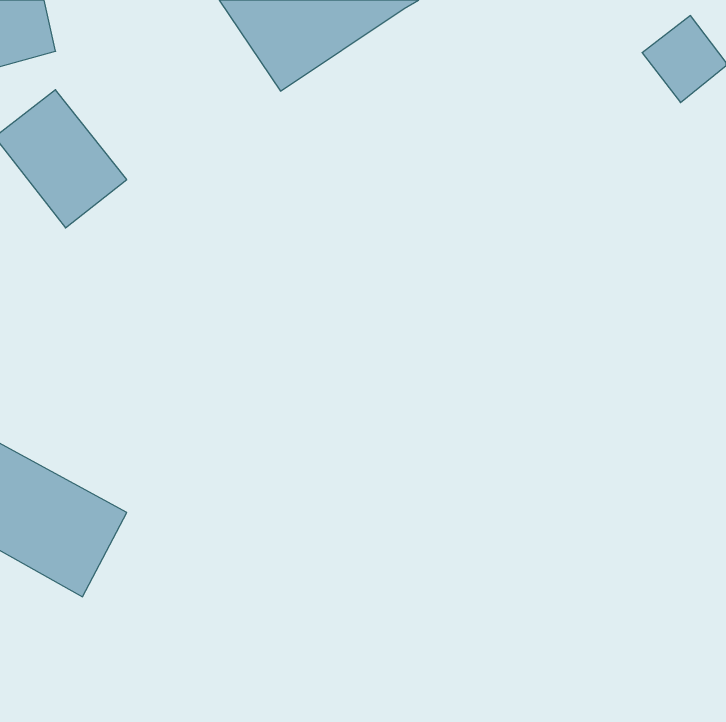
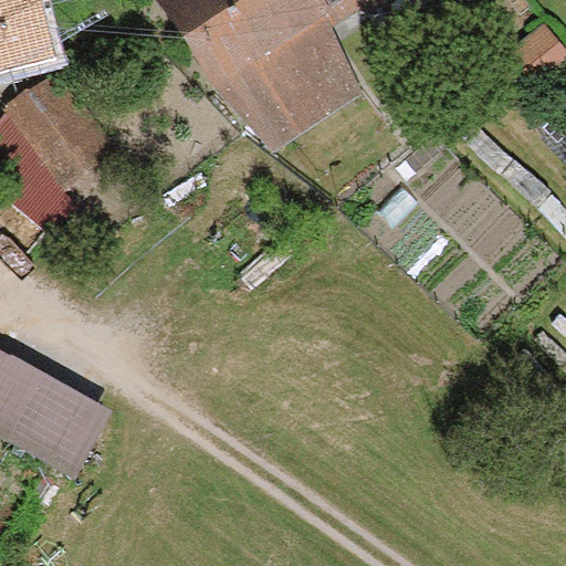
building: none -> [218,11,358,143]

